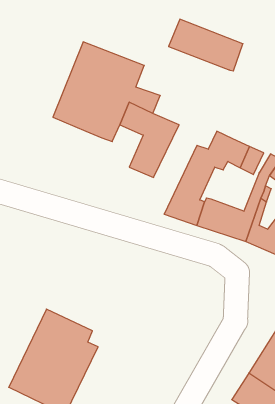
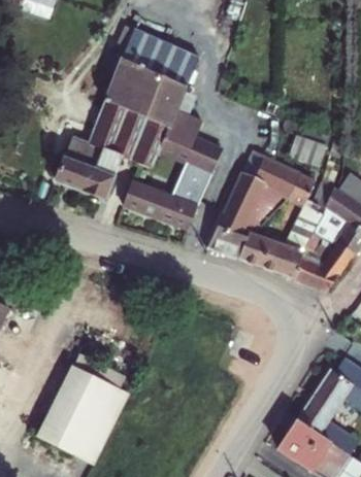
building: [169,19,243,71] -> [117,28,198,84]
building: none -> [53,135,120,196]
building: none -> [120,179,194,228]

